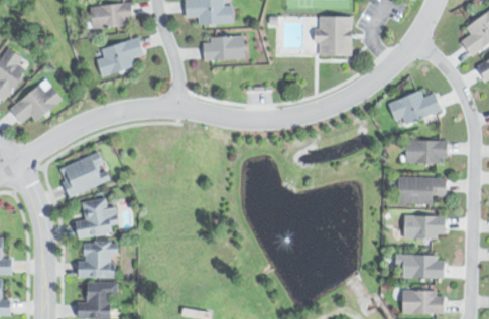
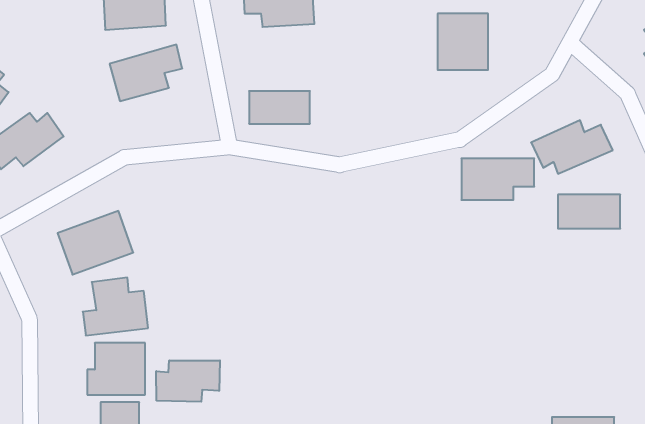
building: [204,38,245,60] -> [249,91,310,124]
building: [391,177,441,205] -> [461,158,534,200]
building: [397,216,440,238] -> none
building: none -> [156,360,220,402]
building: [390,256,438,279] -> none

